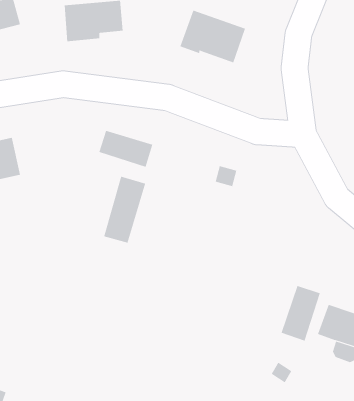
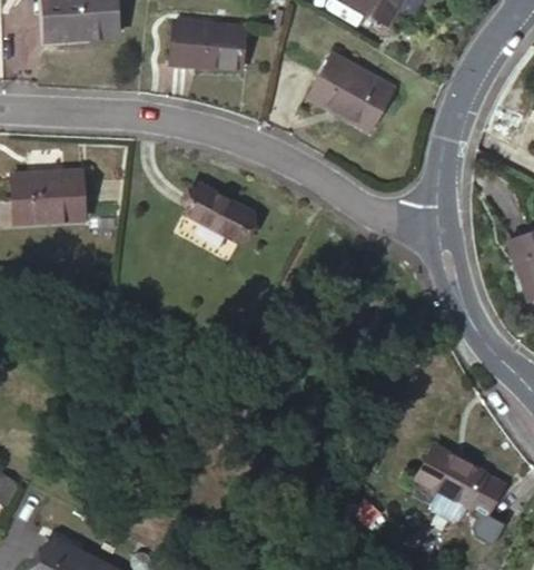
building: [104,176,146,243] -> none
building: [281,285,321,341] -> none

